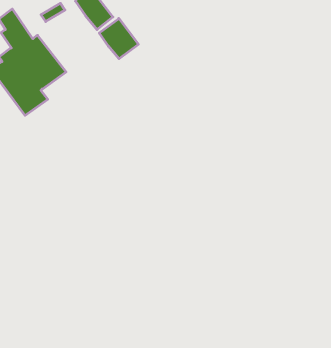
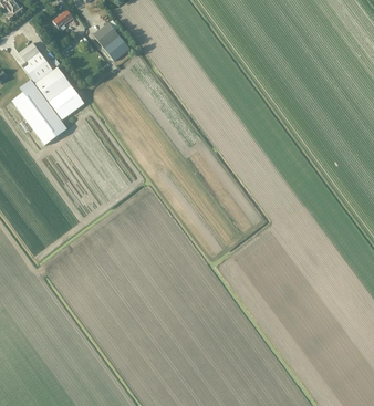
building: [99,18,138,59] -> none

